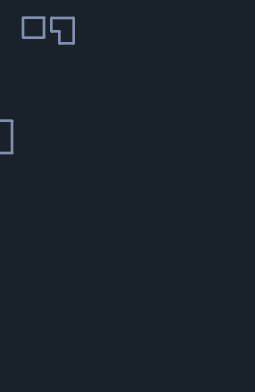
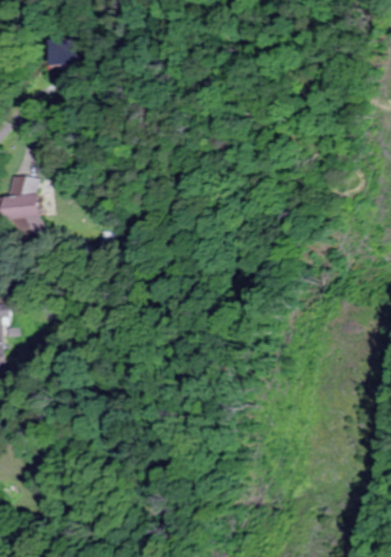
building: [52,18,73,44] -> none

